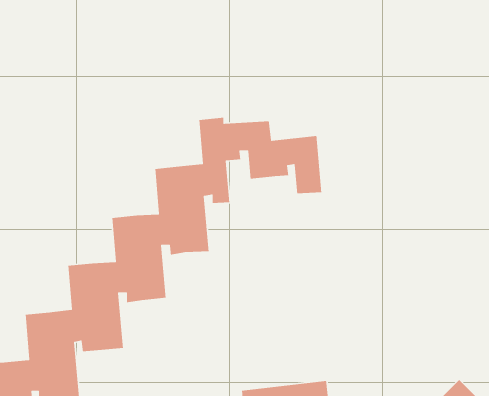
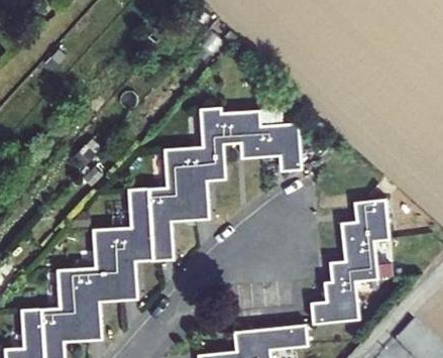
building: none -> [310,200,389,323]

